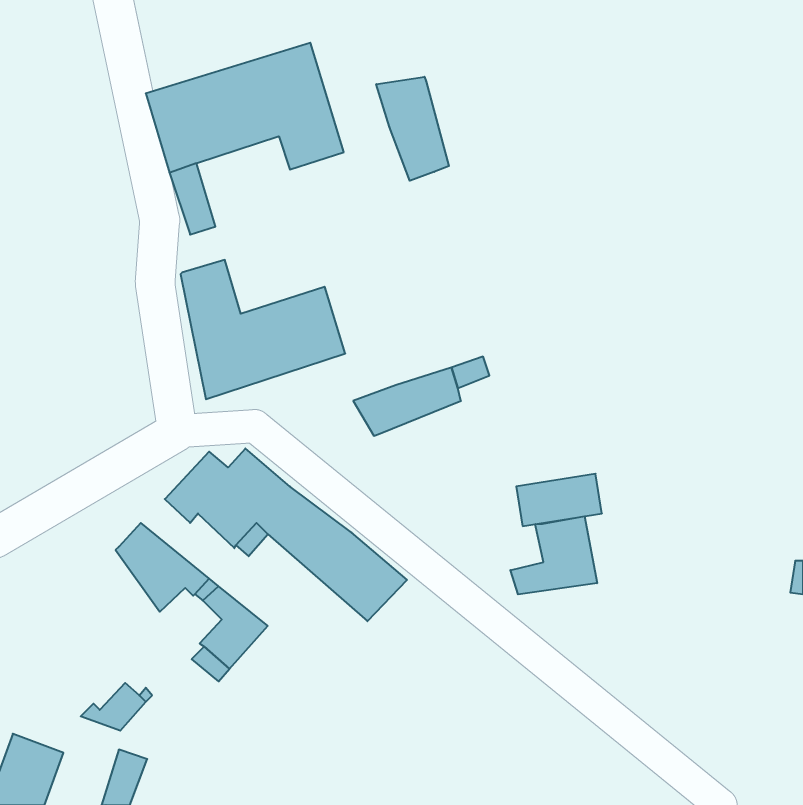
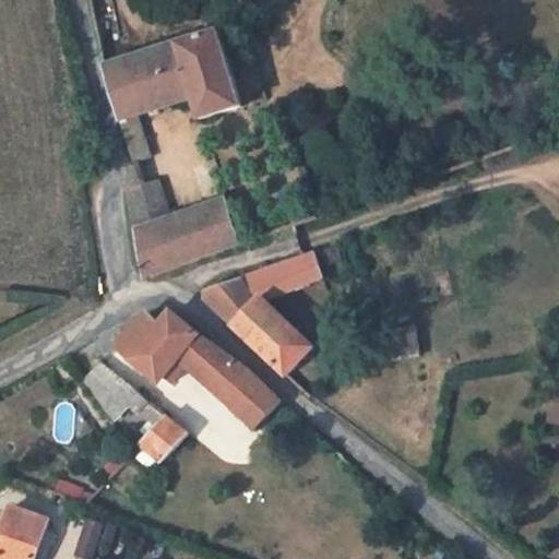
building: [376,77,449,181] -> none
building: none -> [202,276,310,373]
building: [510,516,597,594] -> none

